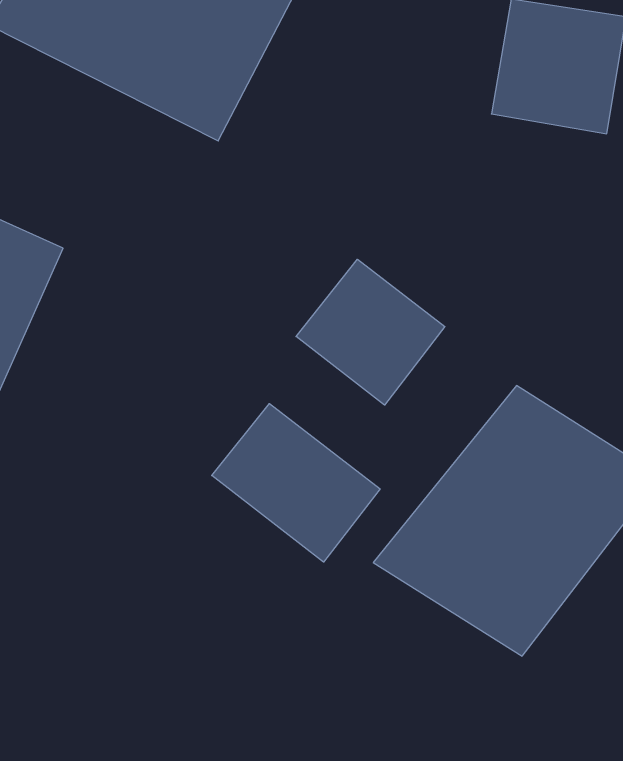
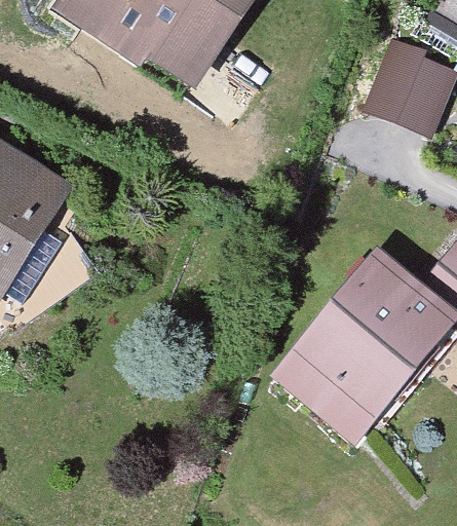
building: [296,259,445,405] -> none
building: [212,404,380,562] -> none

